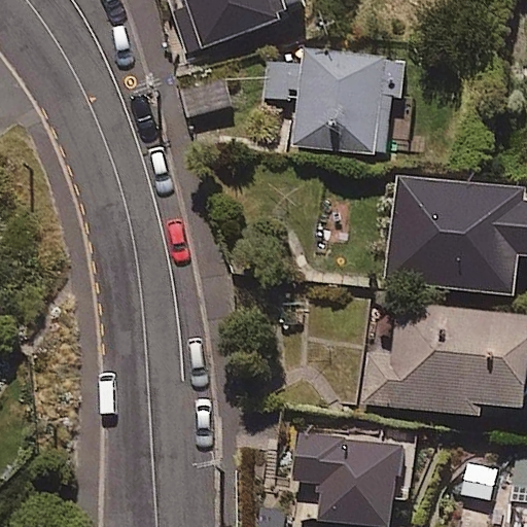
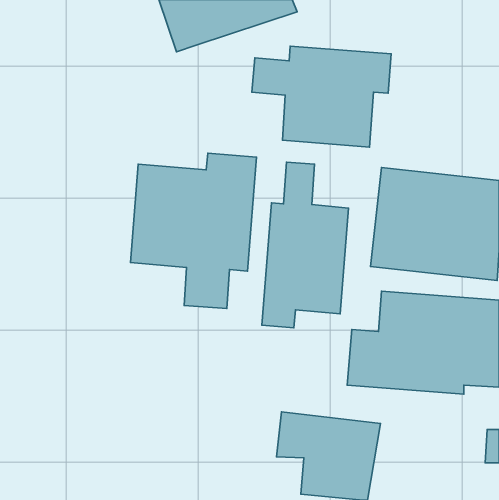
building: none -> [131,153,256,308]
building: none -> [262,162,348,328]

